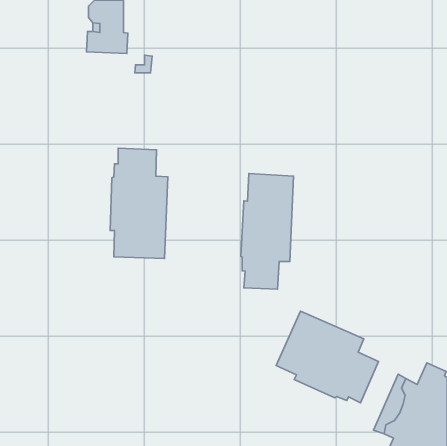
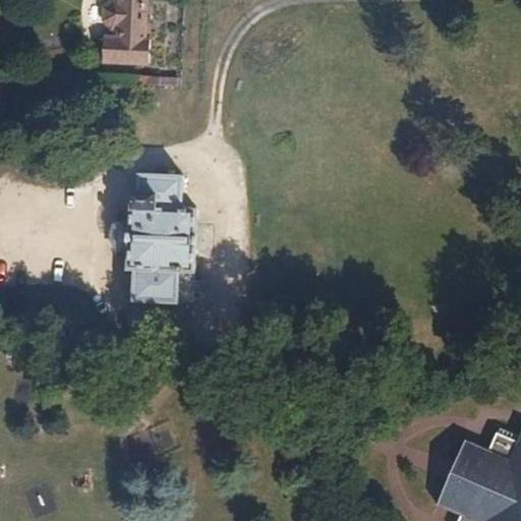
building: [241,174,293,289] -> none
building: [276,311,378,403] -> none

